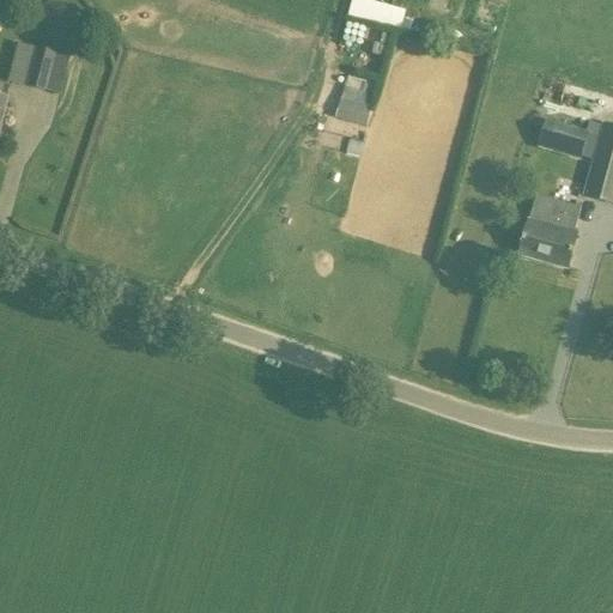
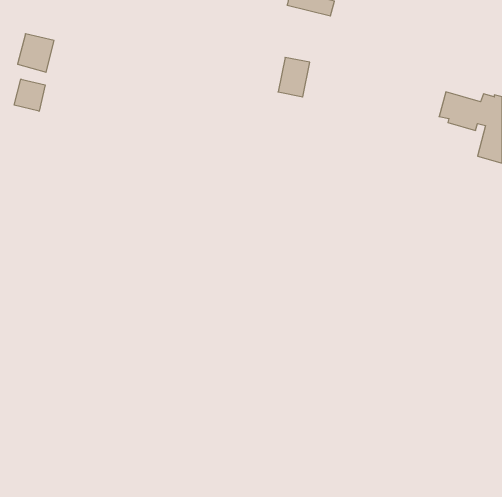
building: none -> [14,79,45,111]
building: [517,192,578,266] -> none

